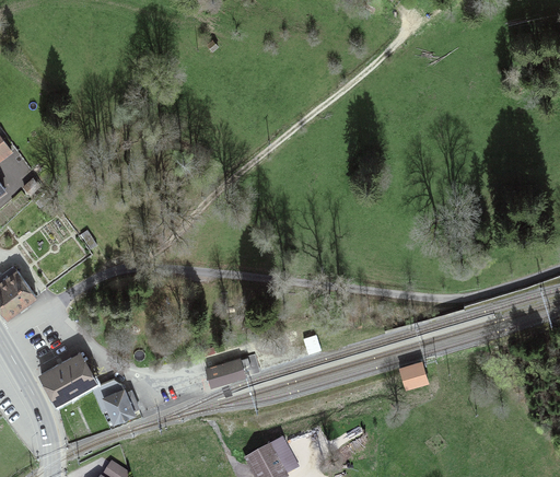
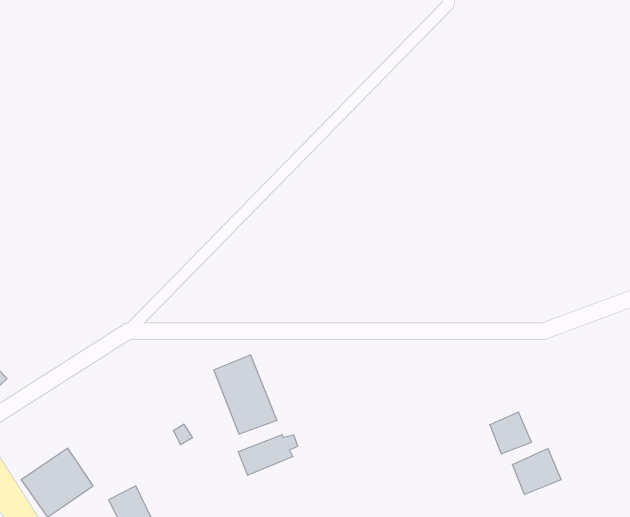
building: none -> [214,355,277,434]
building: none -> [512,449,561,495]

